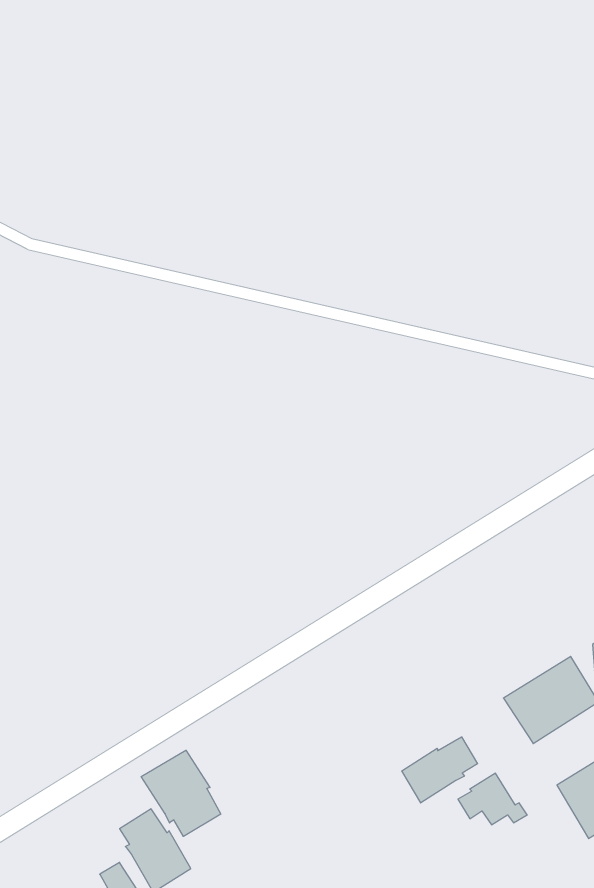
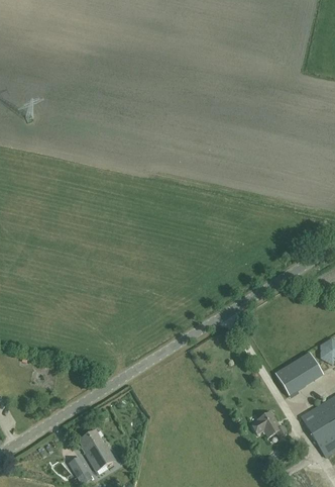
building: [402,737,478,803] -> none
building: [141,750,221,836] -> none

